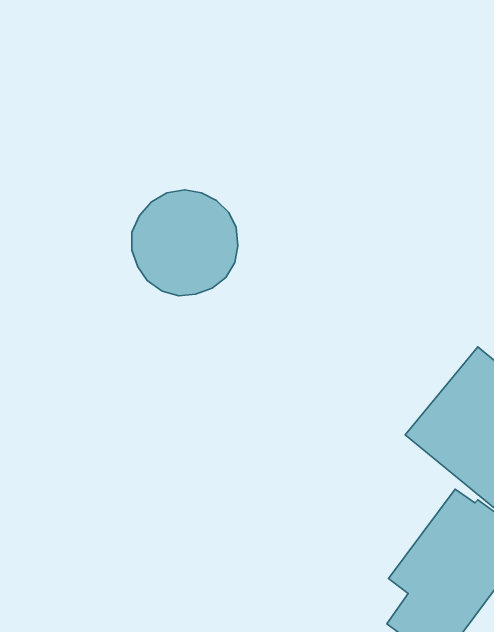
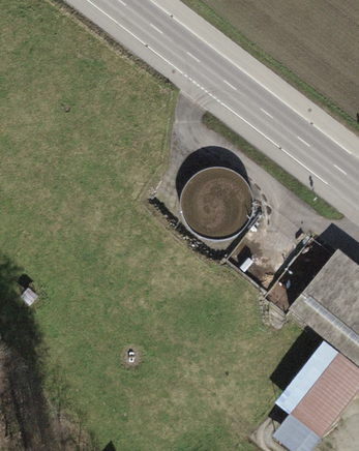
building: [132,190,238,296] -> [181,166,253,238]

